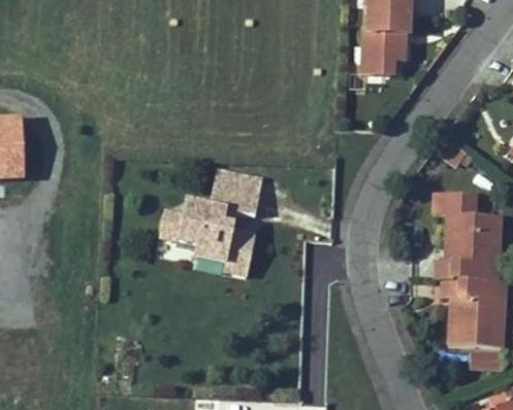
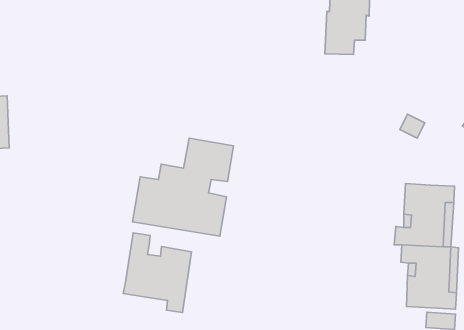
building: [434,193,476,216] -> none
building: none -> [123,233,192,312]

